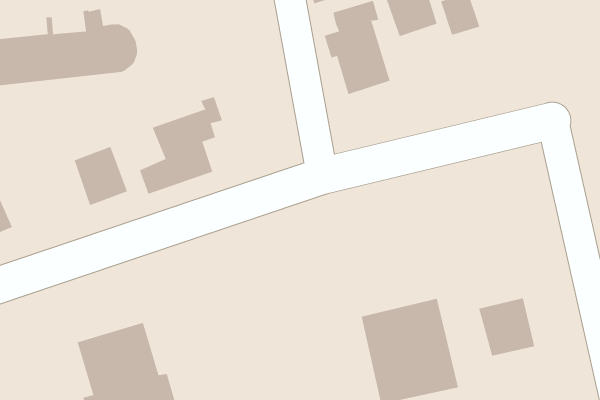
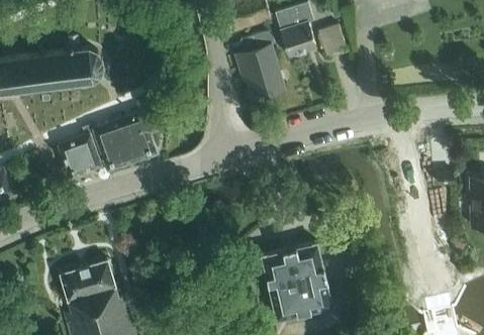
building: none -> [82,121,122,170]
building: [479,297,535,357] -> none

